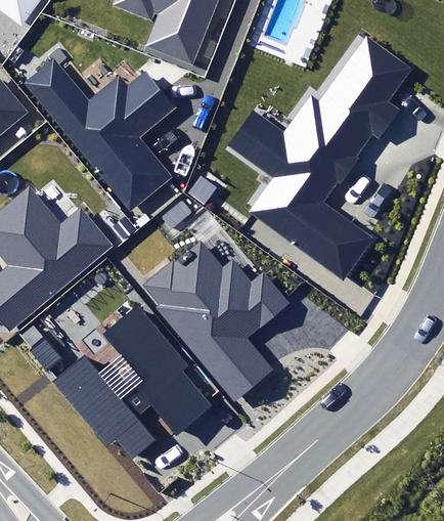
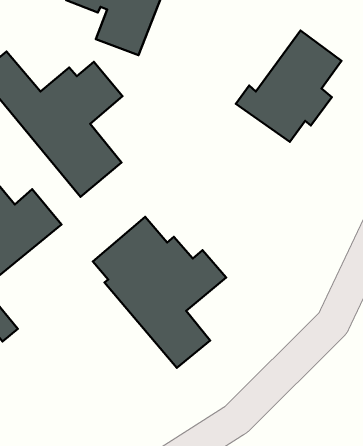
building: [230,112,372,278] -> none
building: [50,306,211,458] -> none

